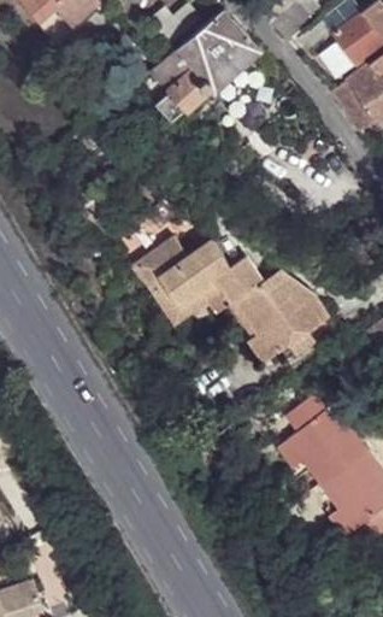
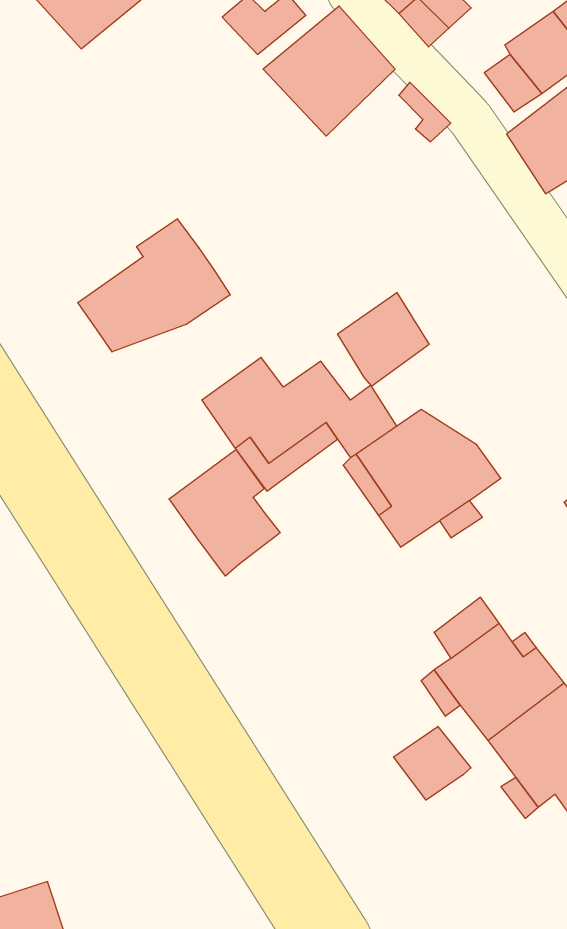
building: [151,49,212,108] -> none
building: none -> [78,219,230,352]
building: none -> [338,293,429,386]
building: none -> [169,449,280,576]
building: none -> [393,726,471,800]

